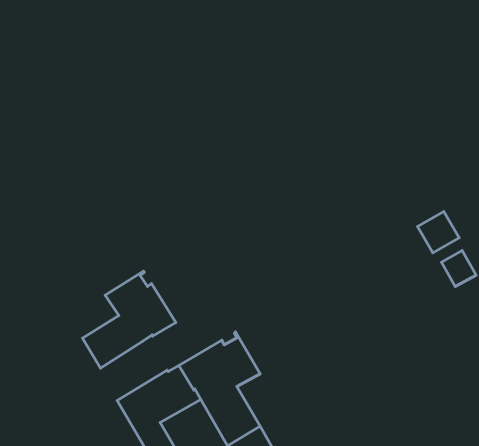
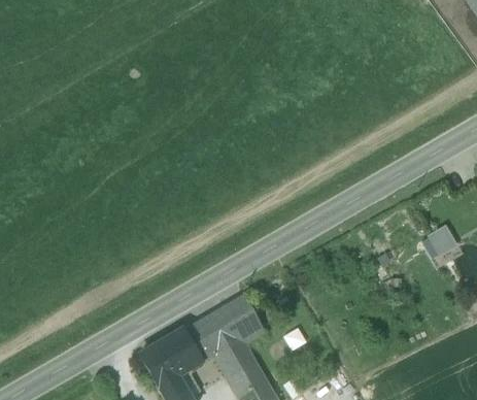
building: [418,212,459,253] -> none
building: [82,271,176,368] -> none

